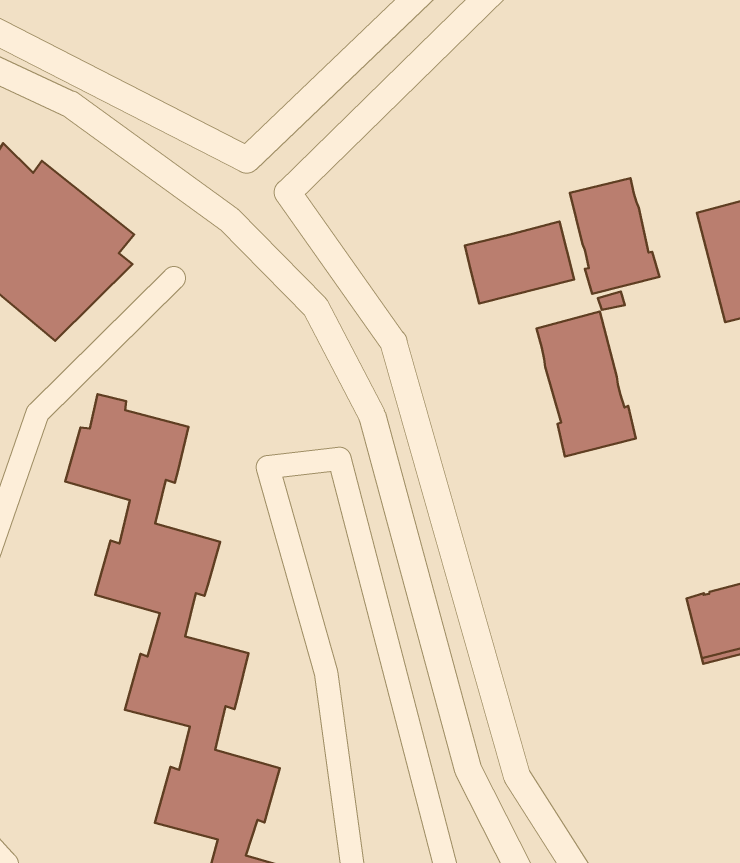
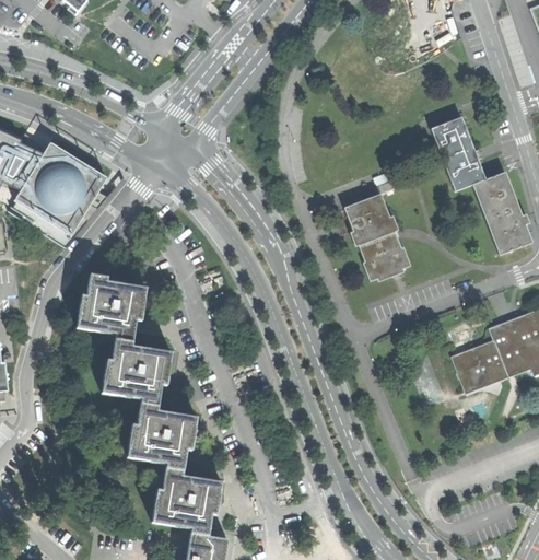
building: [570,178,659,294] -> none
building: [465,222,574,304] -> none

